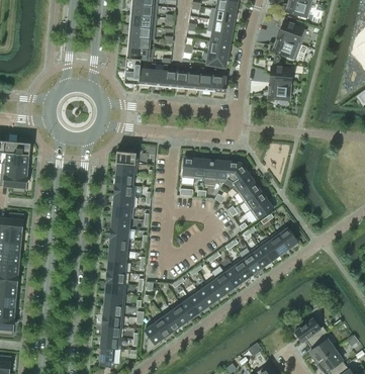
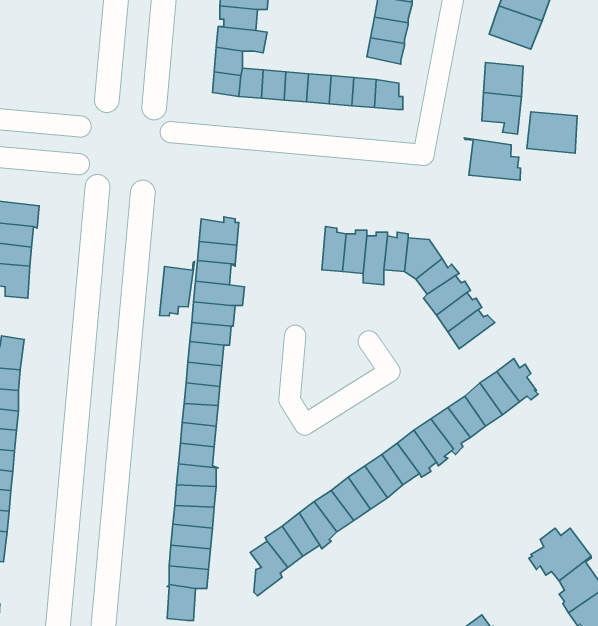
building: none -> [527,112,577,153]
building: none -> [464,138,520,180]
building: none -> [159,261,195,316]

